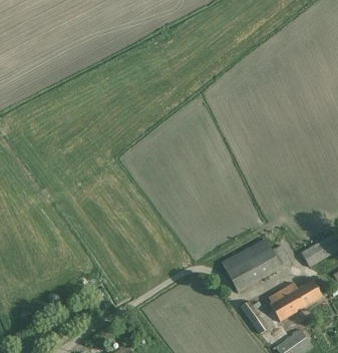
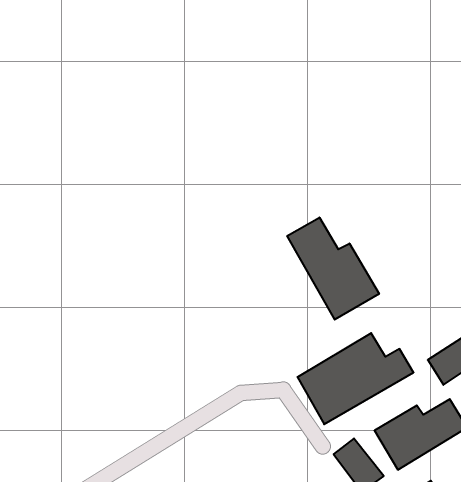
building: none -> [287,217,379,320]

